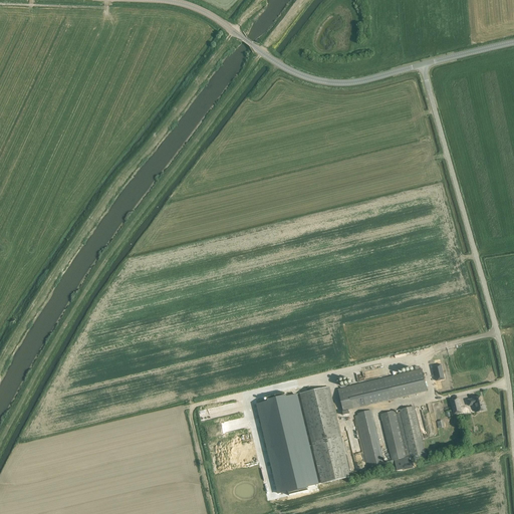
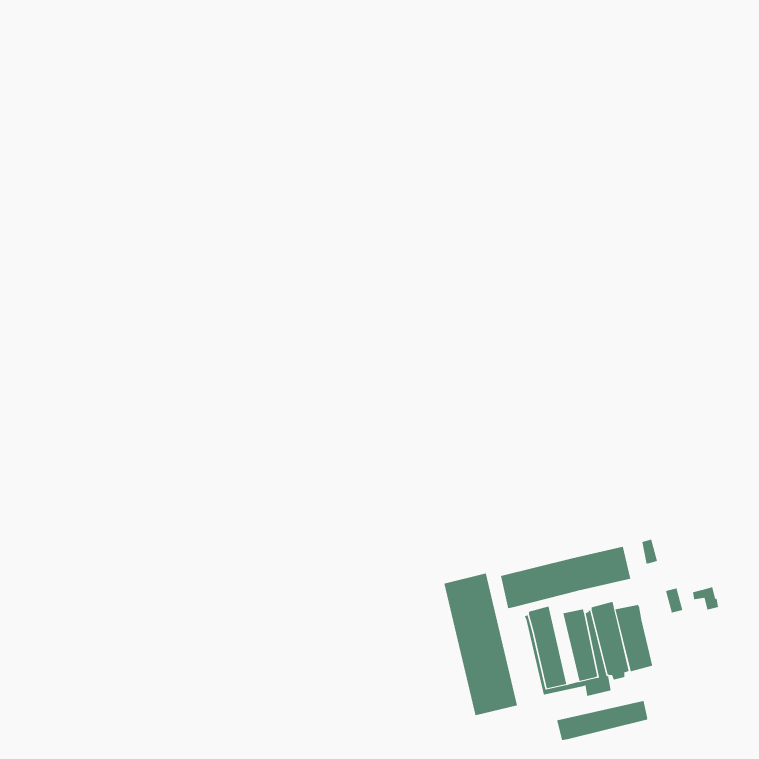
building: [256,392,316,495] -> none
building: none -> [615,604,653,672]
building: none -> [557,700,648,741]

